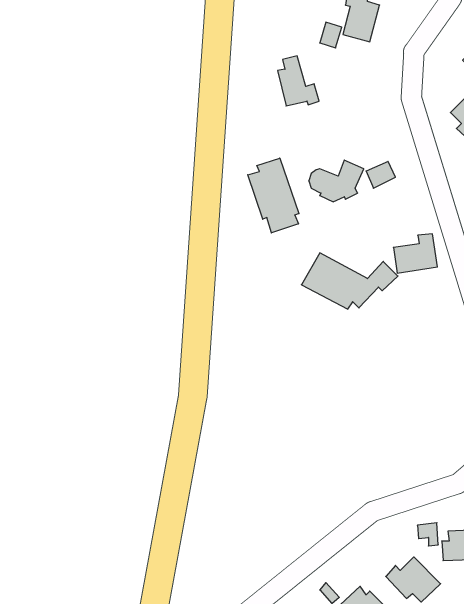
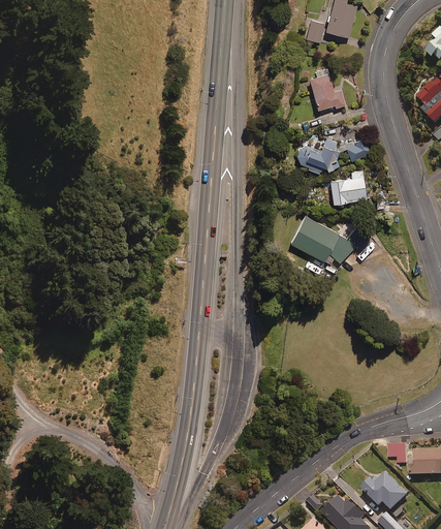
building: [278,56,319,106] -> [310,65,345,107]
building: [248,158,299,233] -> none
building: [393,234,437,273] -> [329,169,367,203]

